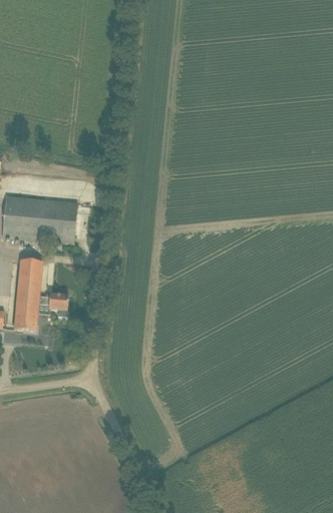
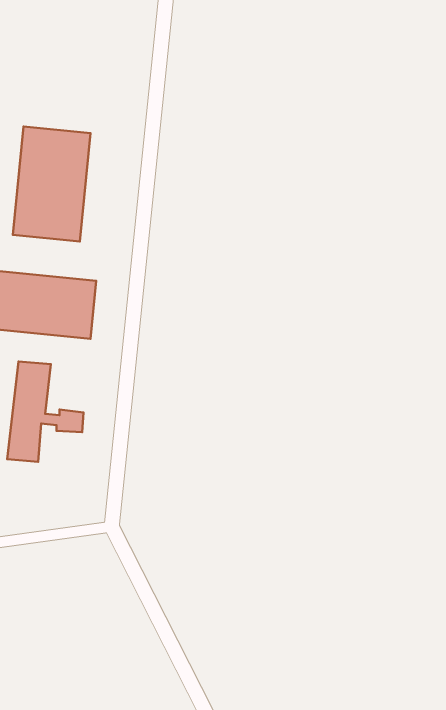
building: none -> [13,127,90,241]

